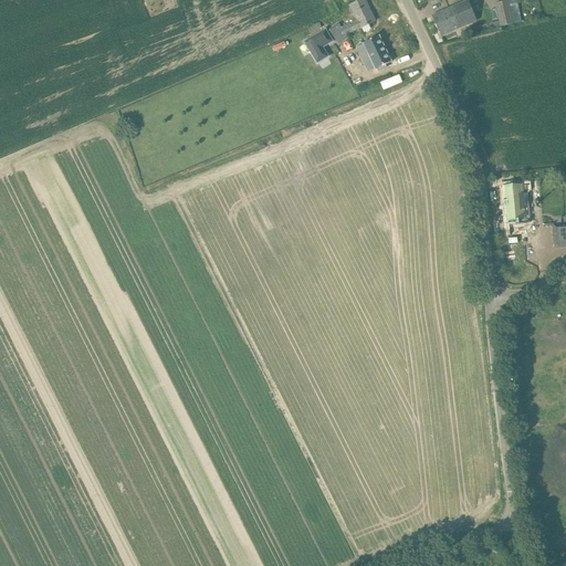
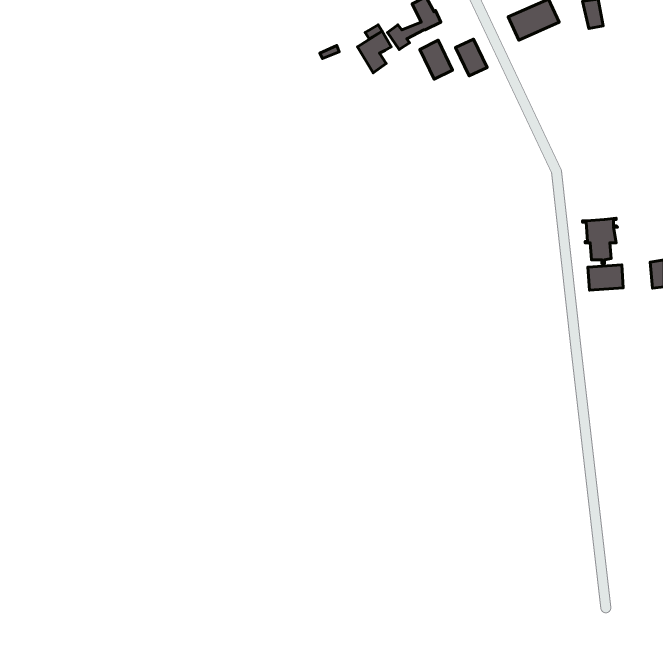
building: none -> [456,39,487,76]
building: none -> [588,265,623,290]

